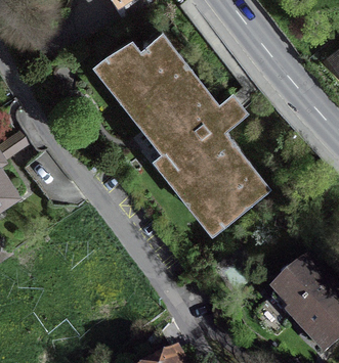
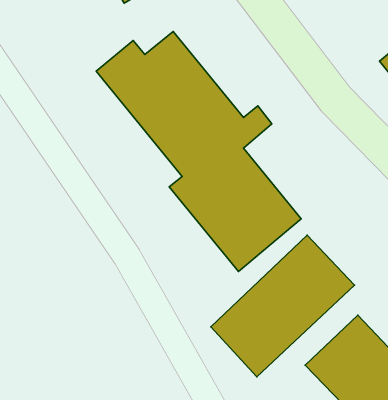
building: none -> [211,235,355,377]

